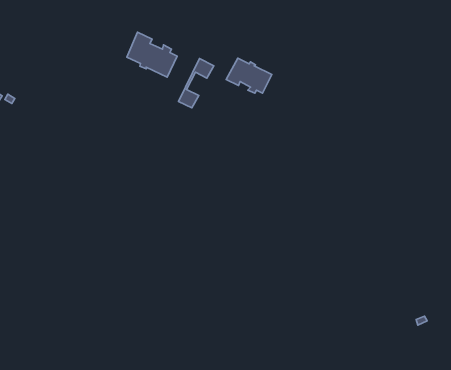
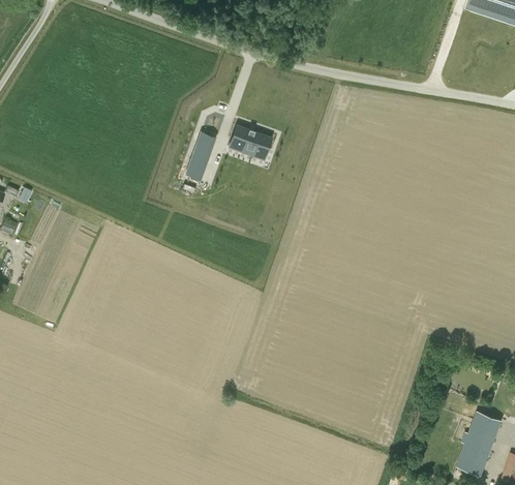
building: [127,32,177,77] -> none

